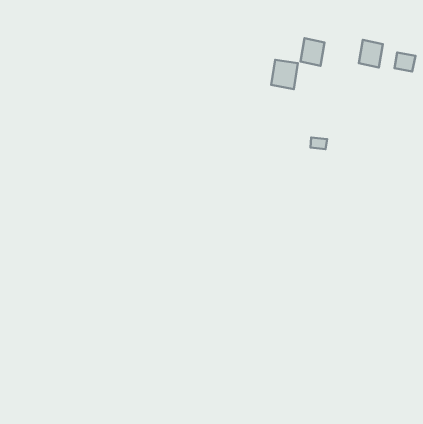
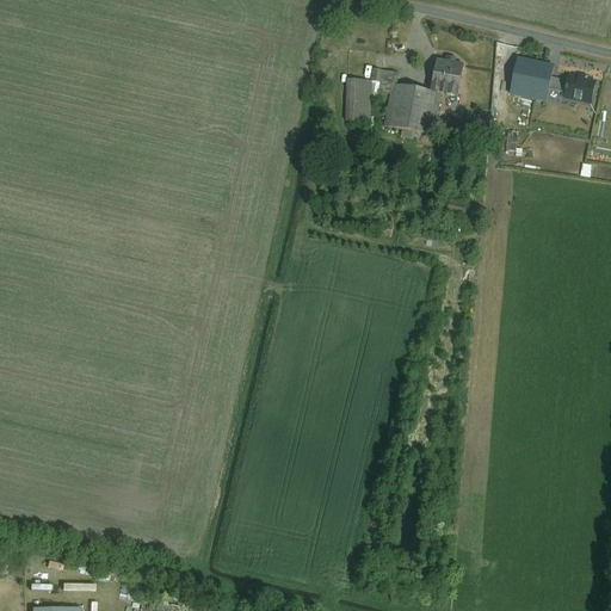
building: none -> [340,80,369,117]

